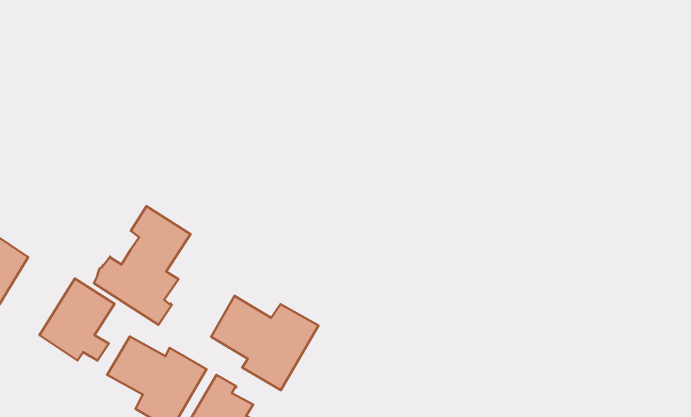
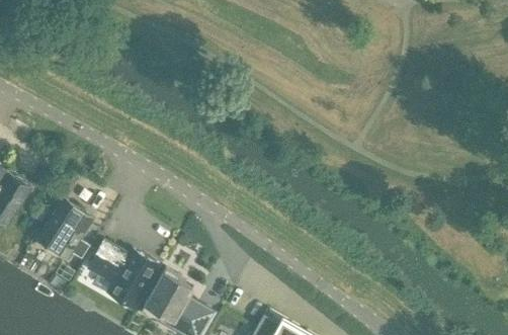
building: [94,206,190,325] -> none
building: [211,296,318,390] -> none

